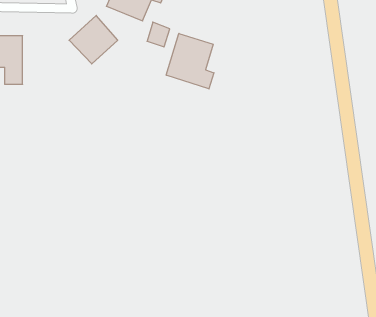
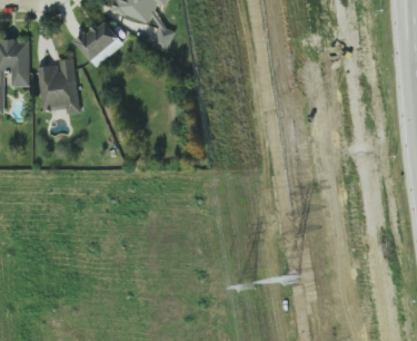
building: [166,33,214,89] -> none
building: none -> [37,58,79,113]

